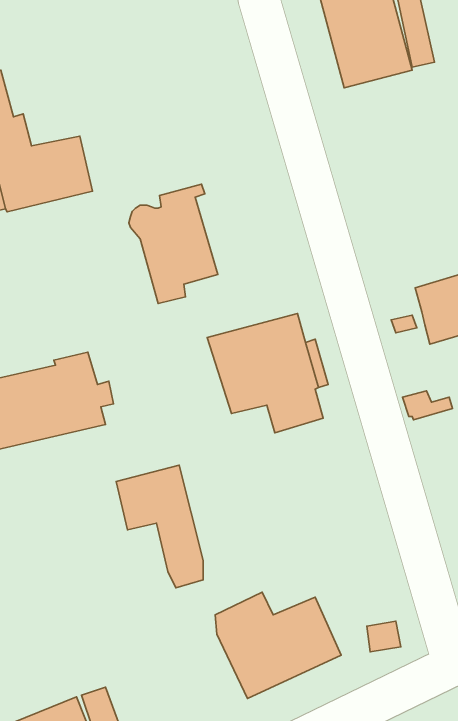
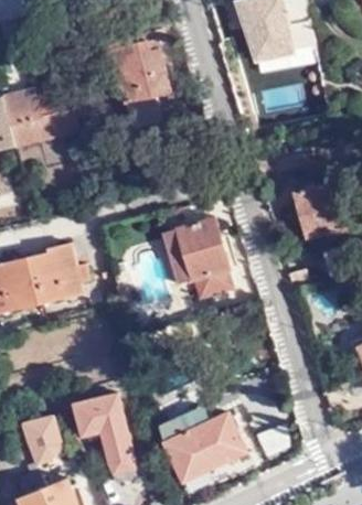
building: [129,184,218,303] -> [111,30,172,111]
building: [116,465,203,588] -> [73,393,132,476]
building: none -> [17,411,64,464]

